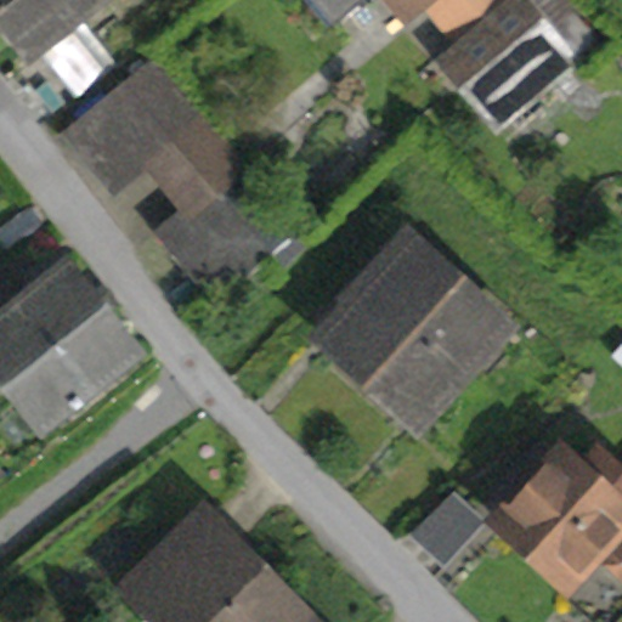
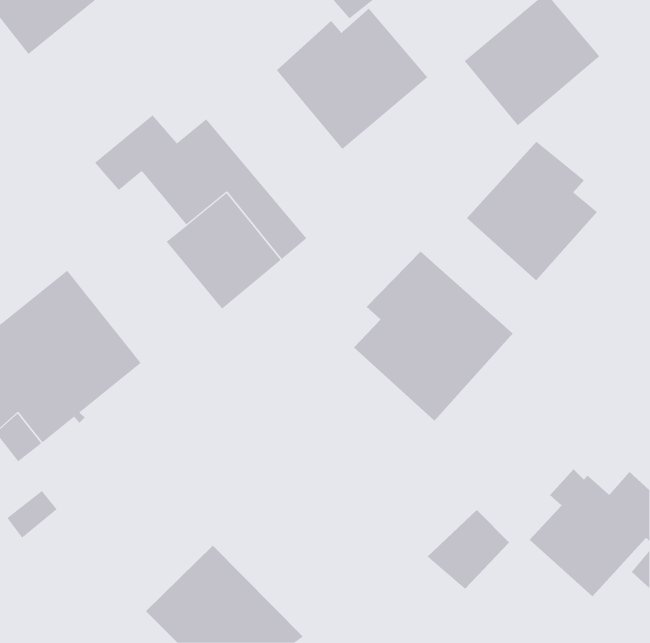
building: none -> [276,8,428,150]
building: [67,57,197,156] -> none
building: none -> [466,141,598,281]

